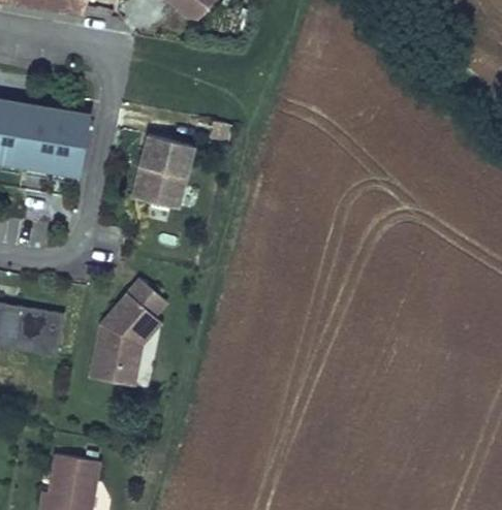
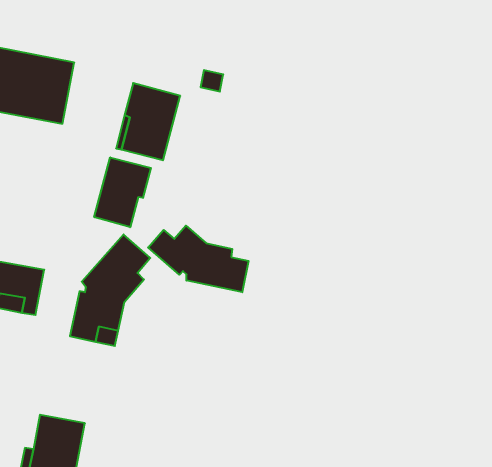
building: none -> [94,157,151,227]
building: none -> [148,226,249,292]

